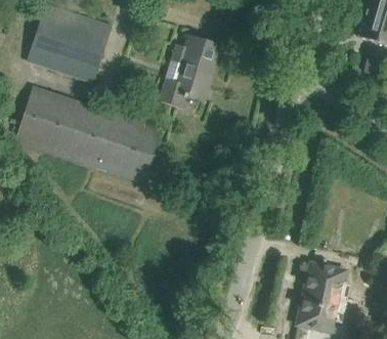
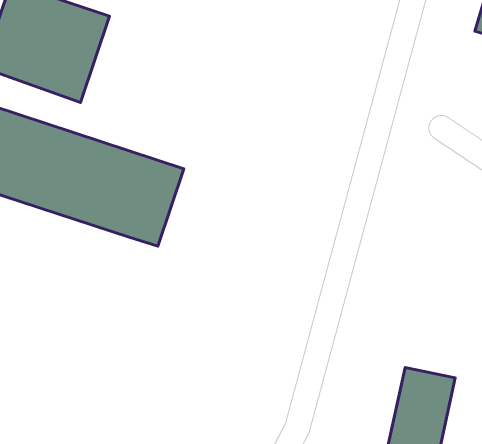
building: [160,36,221,105] -> none

